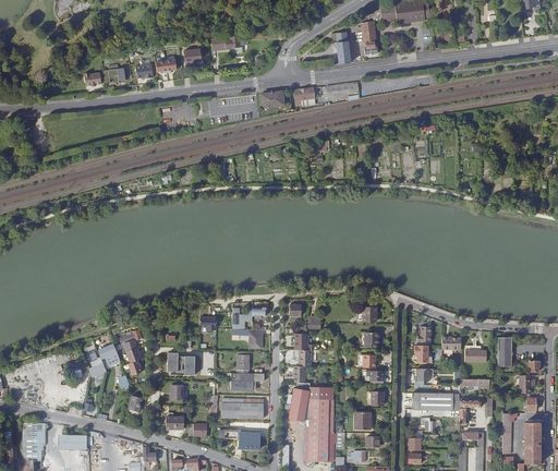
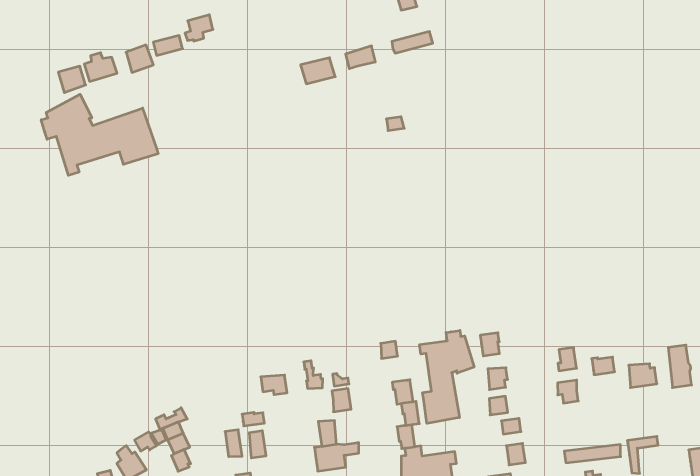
building: none -> [41,94,158,175]
building: none -> [420,330,474,423]

